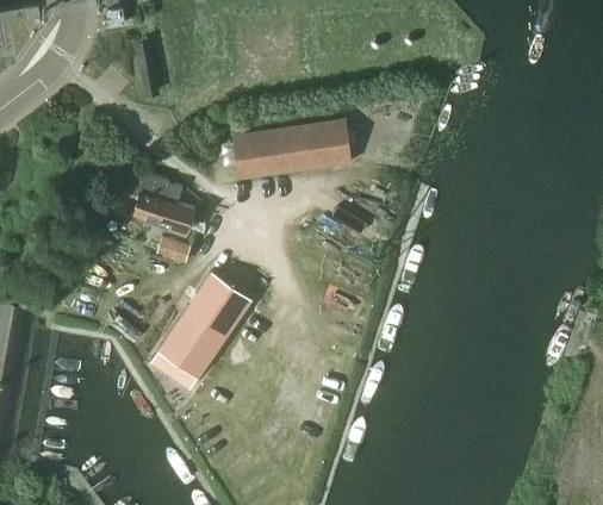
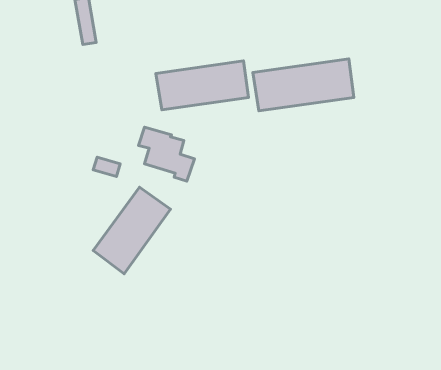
building: none -> [253,59,354,111]
building: [125,169,194,236] -> [139,127,195,181]

